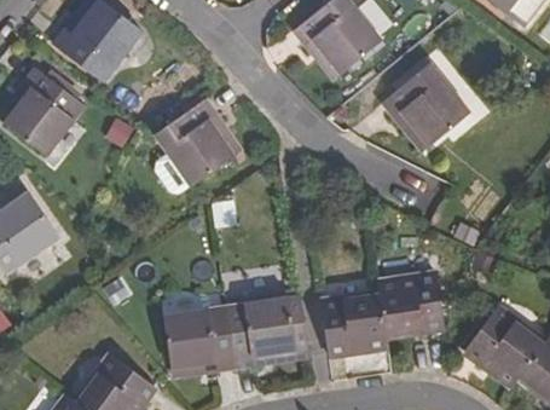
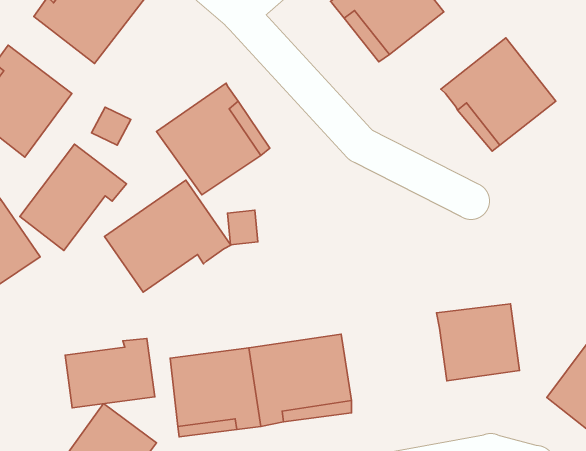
building: none -> [20,144,126,250]
building: none -> [104,180,231,292]
building: [319,293,386,353] -> none
building: none -> [65,339,155,408]

